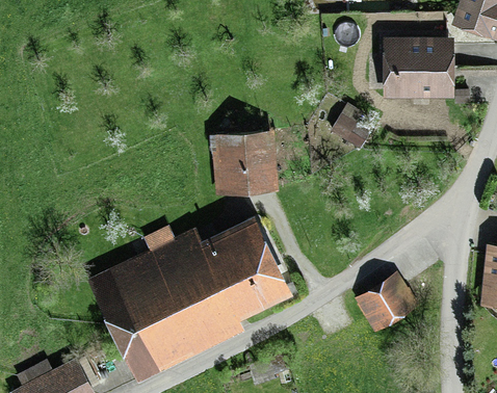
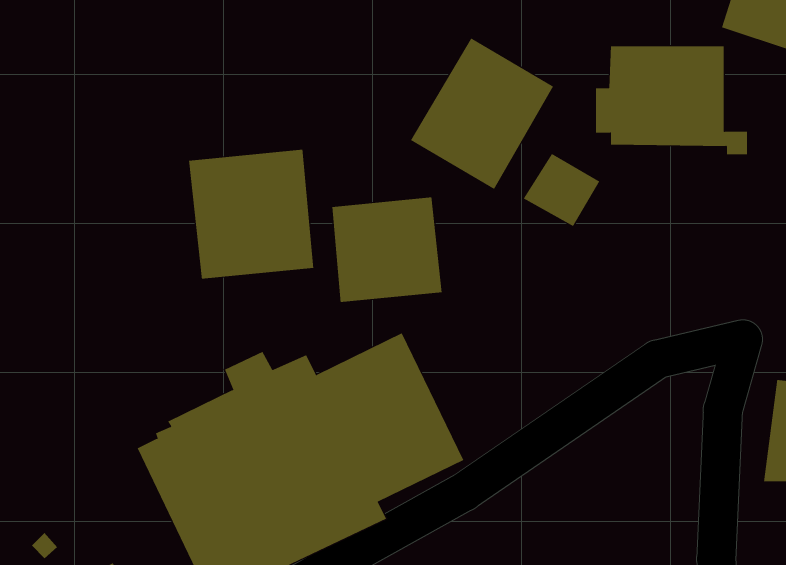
building: none -> [410,38,554,190]
building: none -> [188,149,314,279]
building: [354,271,419,333] -> none

